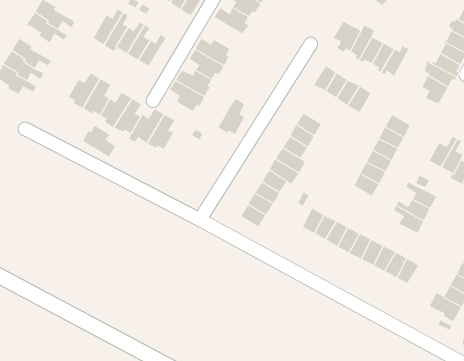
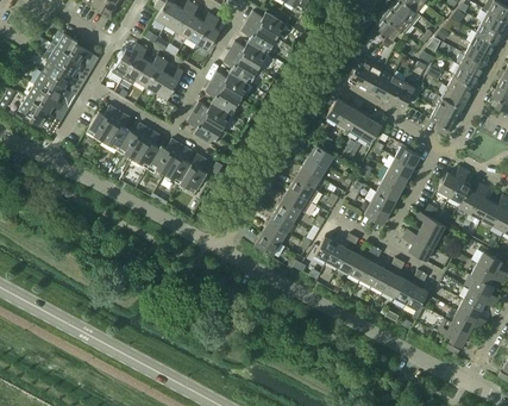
building: none -> [224,52,258,83]
building: none -> [42,60,81,89]
building: [218,98,245,135] -> [181,155,207,190]
building: [82,125,116,158] -> none

